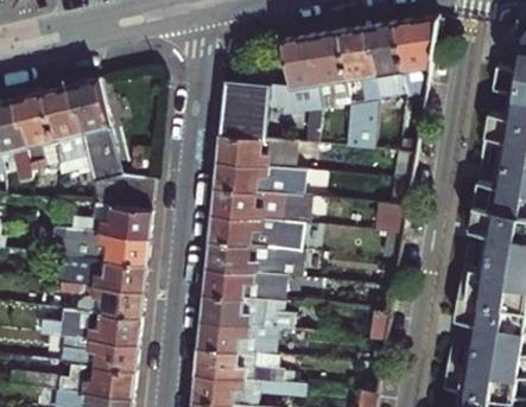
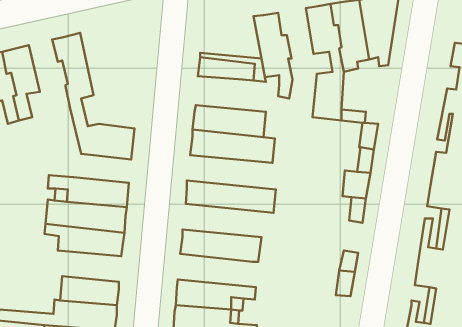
building: [305,46,343,122] -> none
building: [39,80,83,157] -> none
building: [217,119,296,157] -> none
building: [87,203,148,233] -> none
building: [208,203,309,240] -> none
building: [203,255,304,292] -> none
building: [37,304,138,338] -> none
building: [198,309,312,346] -> none

